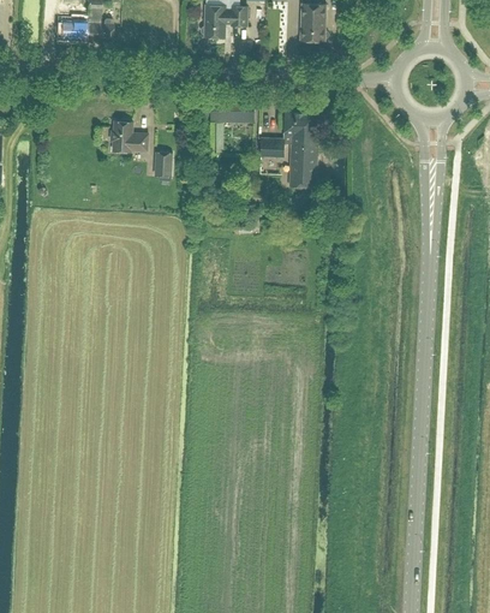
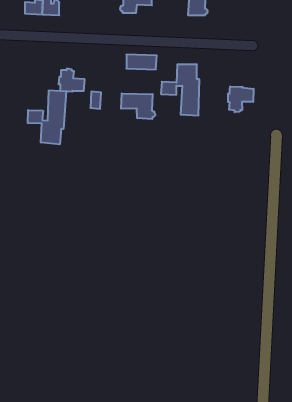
building: none -> [228,86,254,112]
building: none -> [28,90,66,144]
building: none -> [121,93,155,119]

